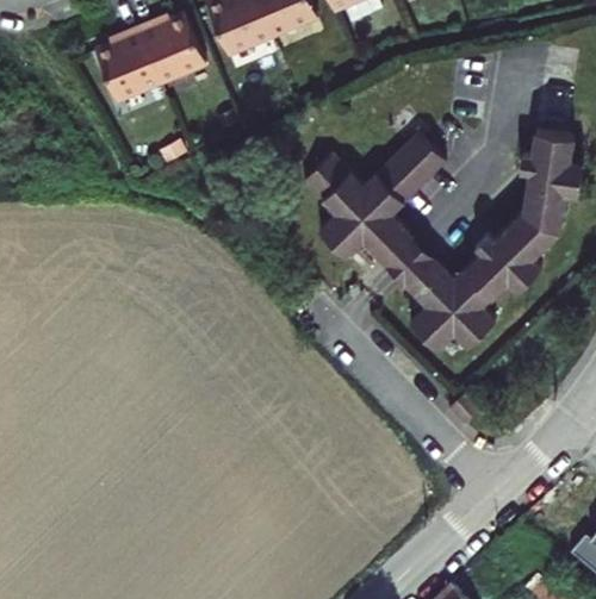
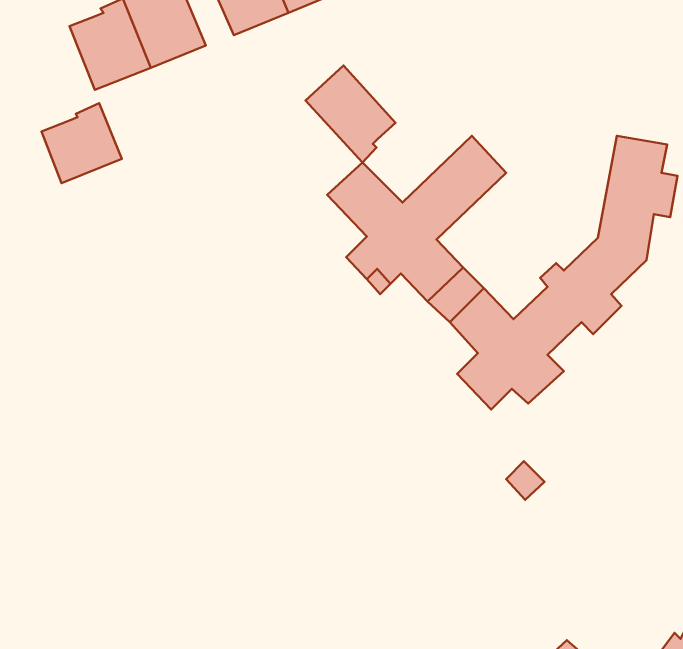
building: none -> [305,65,395,162]
building: none -> [42,103,122,183]

